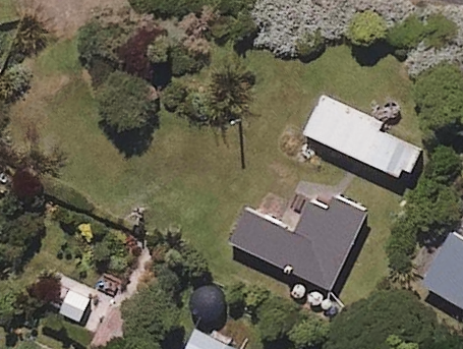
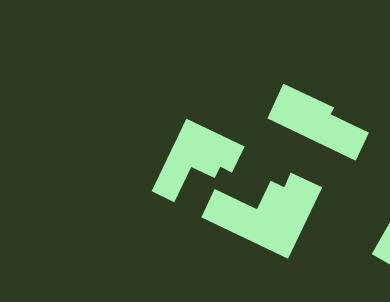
building: none -> [151,118,246,203]

